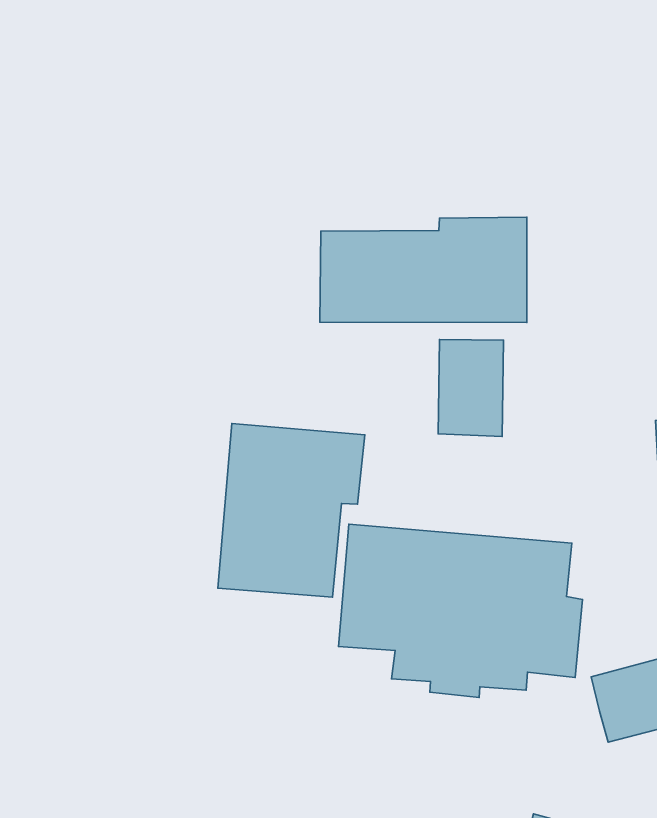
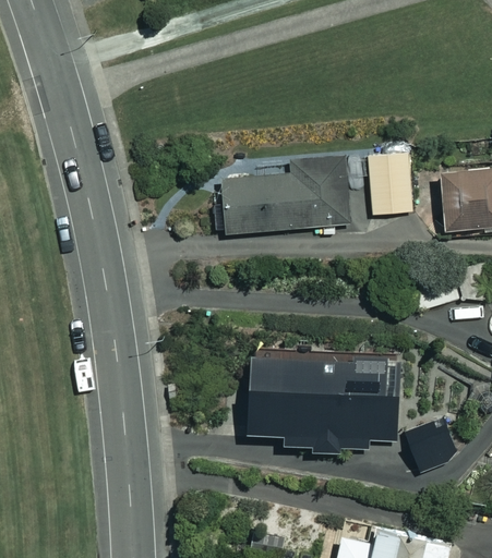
building: [438,339,504,437] -> [369,155,411,215]
building: [218,424,365,597] -> none

